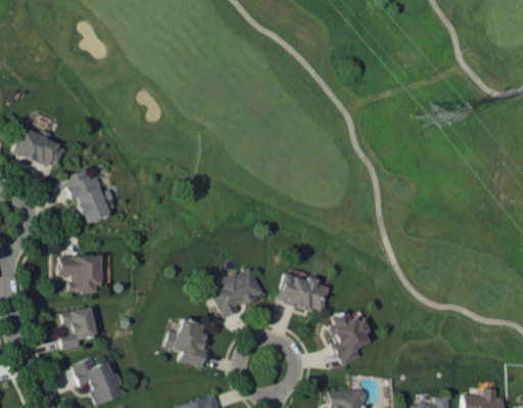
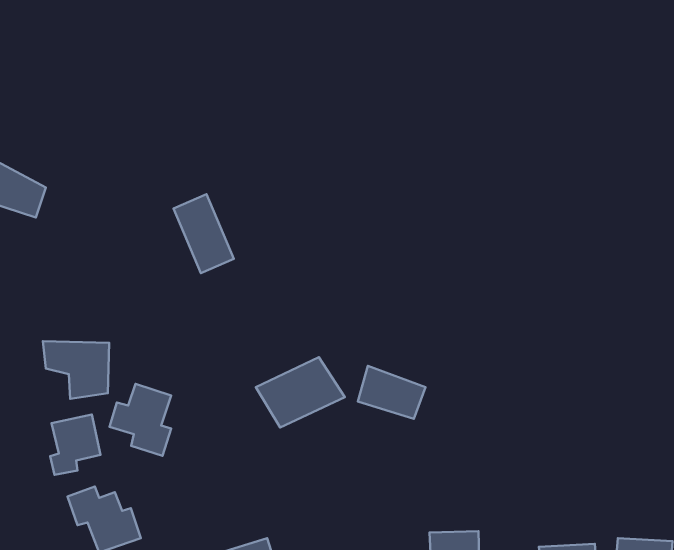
building: [65,168,108,224] -> [173,194,234,273]
building: [331,309,379,356] -> none
building: [165,317,209,368] -> [109,384,171,456]

